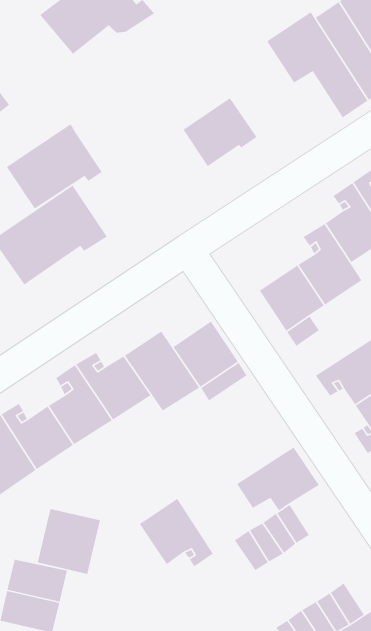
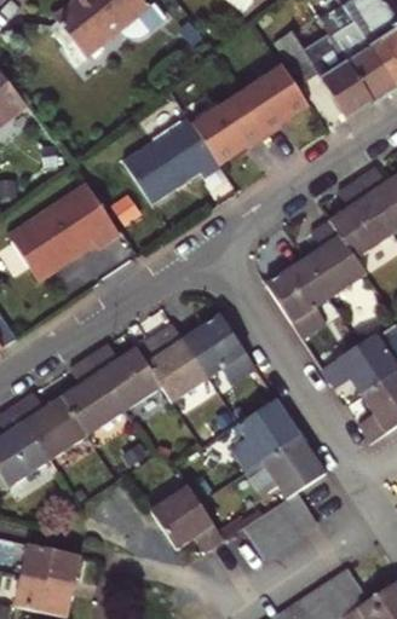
building: none -> [238,68,307,135]
building: [6,123,103,209] -> [123,118,218,202]
building: none -> [229,398,300,472]
building: [37,508,101,575] -> none

